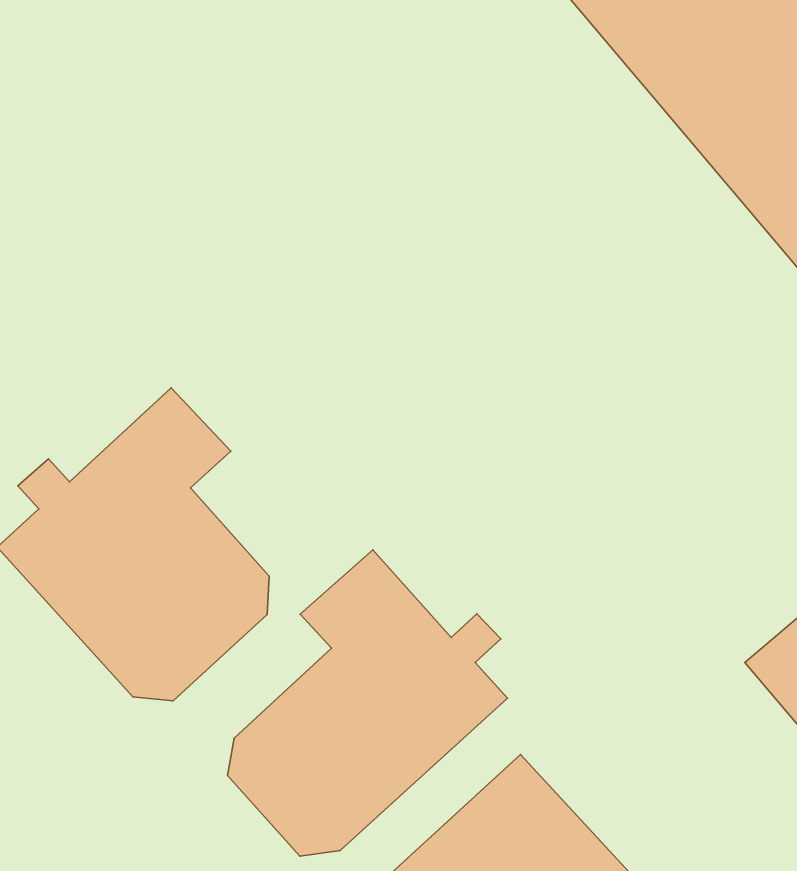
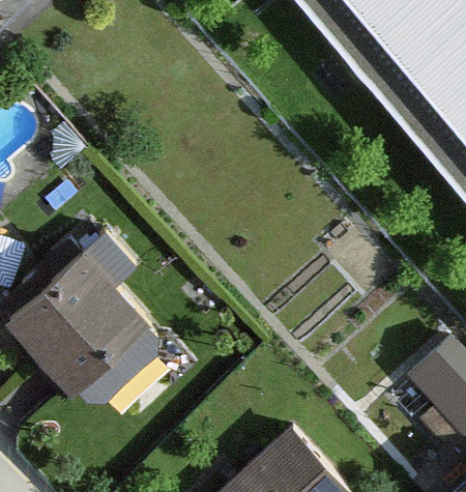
building: [227,550,508,856] -> none

